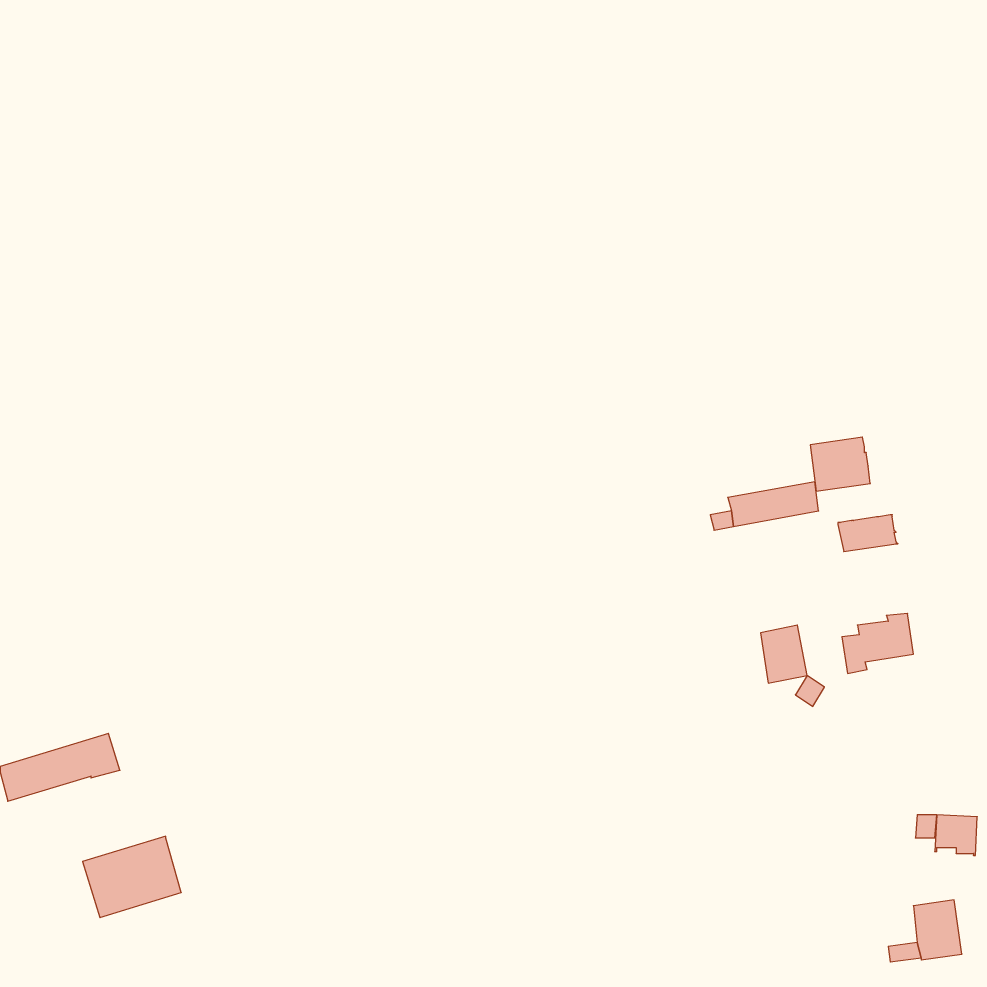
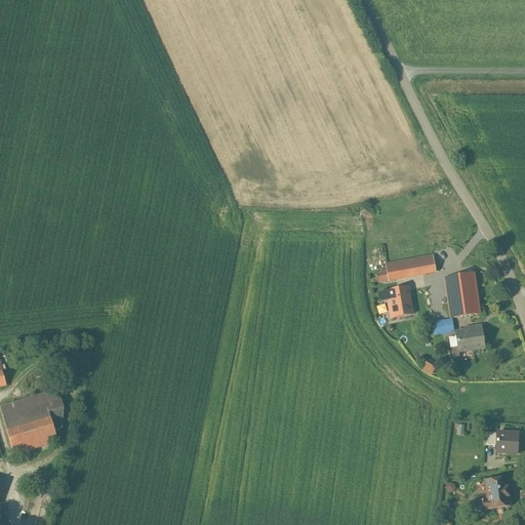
building: [810,437,870,491] -> [448,288,480,317]
building: [761,625,807,683] -> [388,286,412,317]
building: [83,836,181,918] -> [5,411,57,454]

